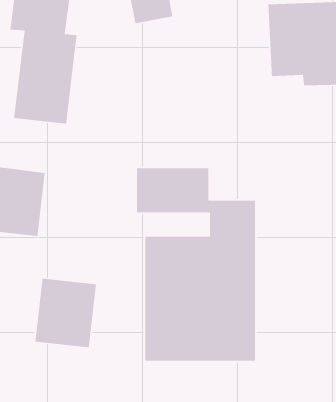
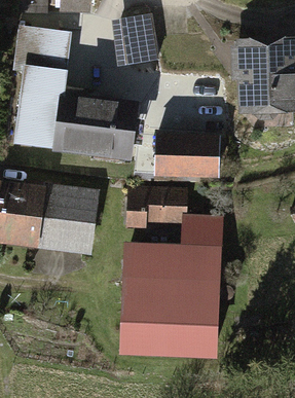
building: none -> [62,96,141,158]
building: none -> [147,136,215,178]
building: [35,278,97,348] -> [37,190,90,251]

